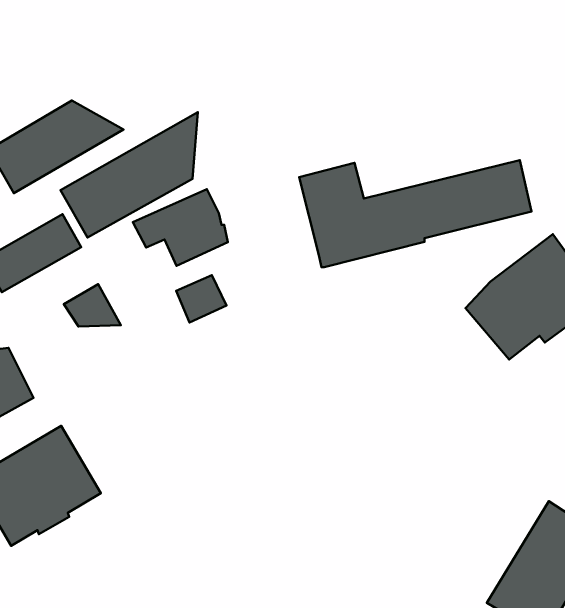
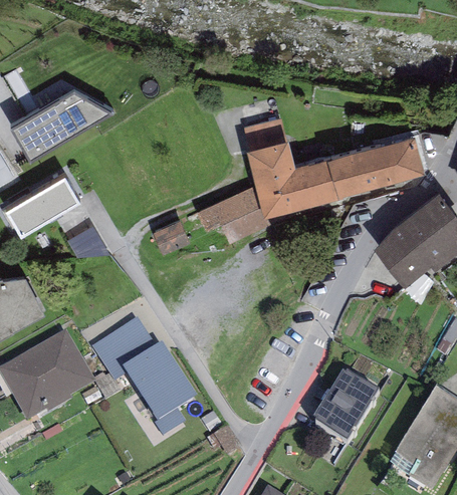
building: [60,112,198,238] -> none
building: [133,189,228,266] -> [196,186,268,244]
building: none -> [91,322,195,439]
building: none -> [311,374,379,447]

